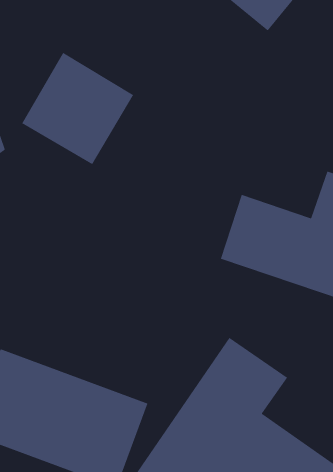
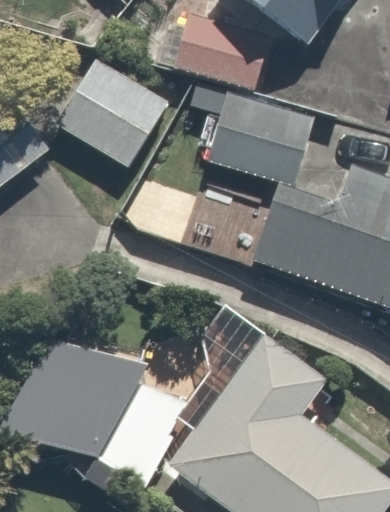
building: none -> [171,10,275,88]
building: none -> [206,87,308,186]

